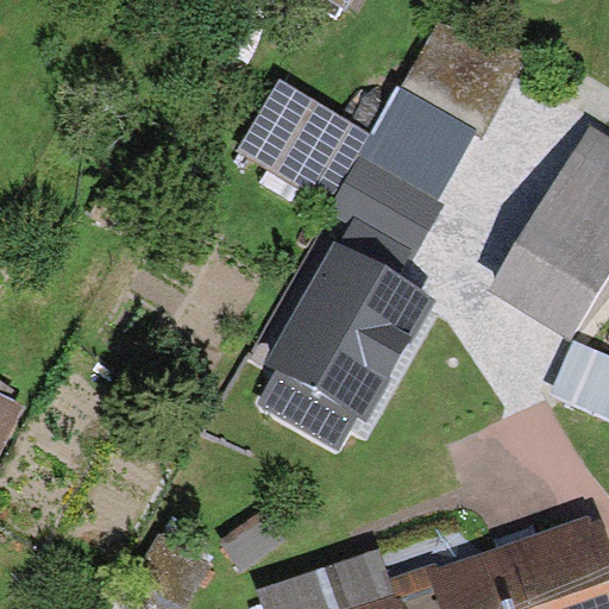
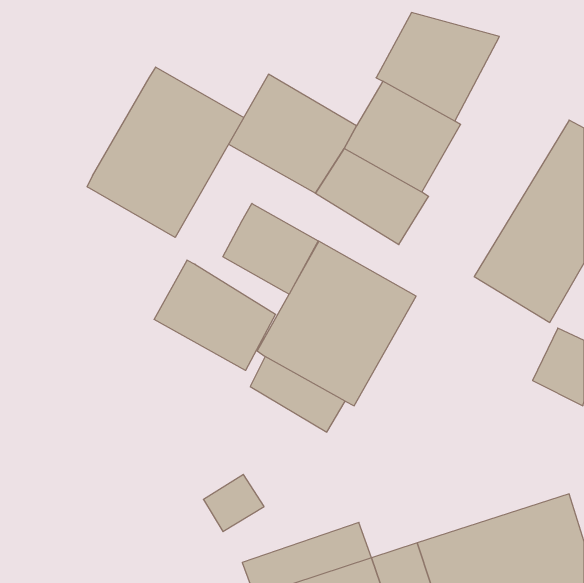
building: none -> [87,67,244,237]
building: none -> [223,203,318,294]
building: none -> [154,260,276,370]

